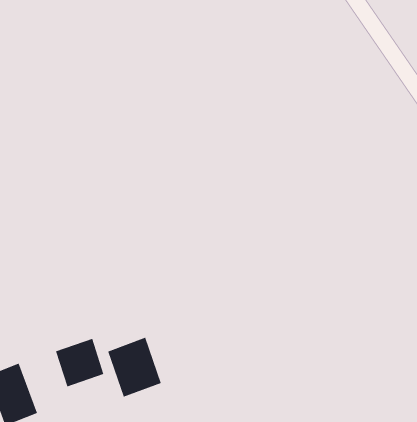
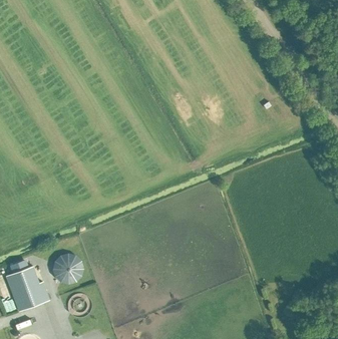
building: [107,337,161,398] -> none

